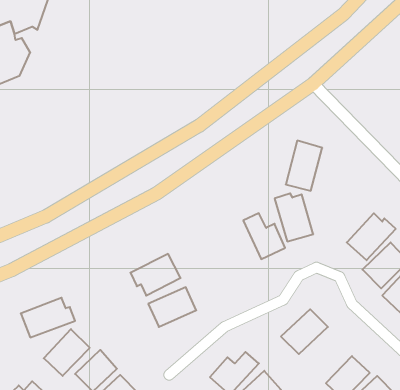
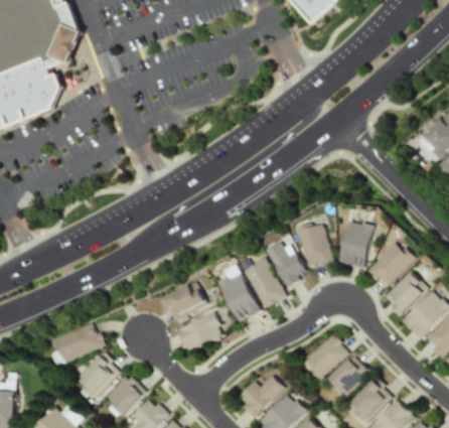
building: [286,141,322,191] -> [338,220,373,268]
building: none -> [245,259,284,308]
building: none -> [218,264,258,321]
building: none -> [328,355,368,396]

